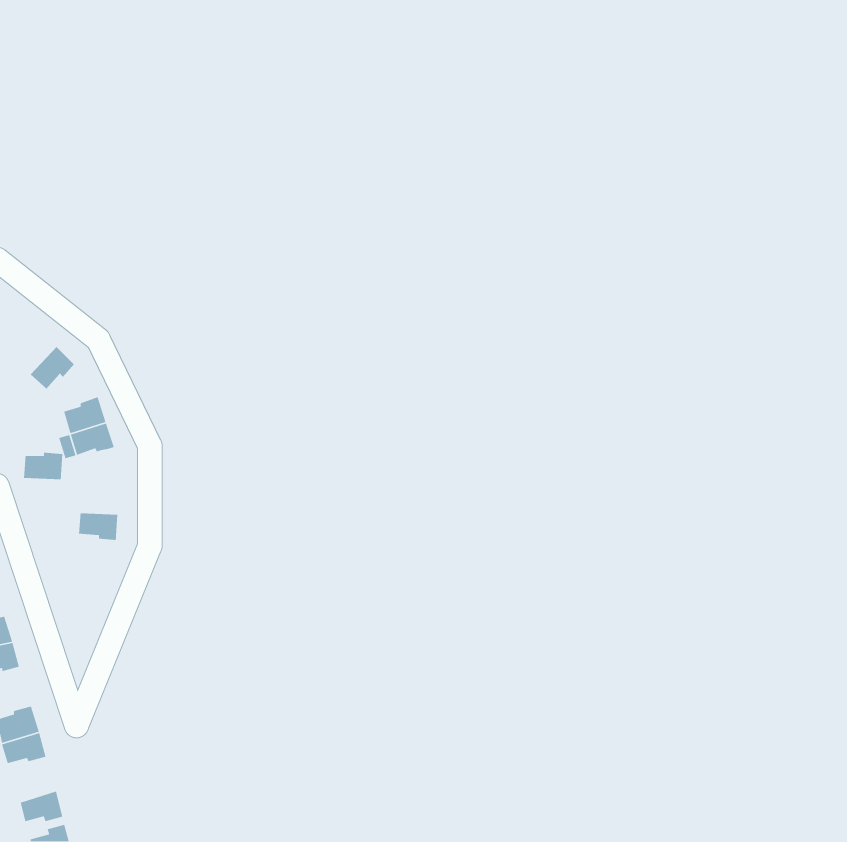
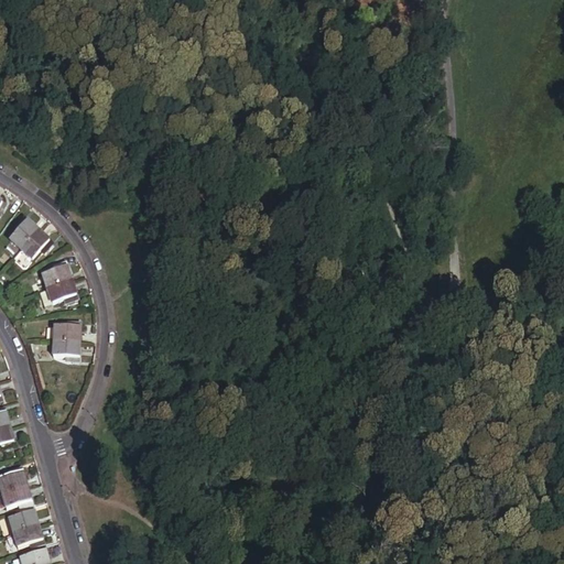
building: none -> [8,217,37,248]
building: [23,452,63,480] -> [53,322,79,340]
building: none -> [9,506,37,531]

